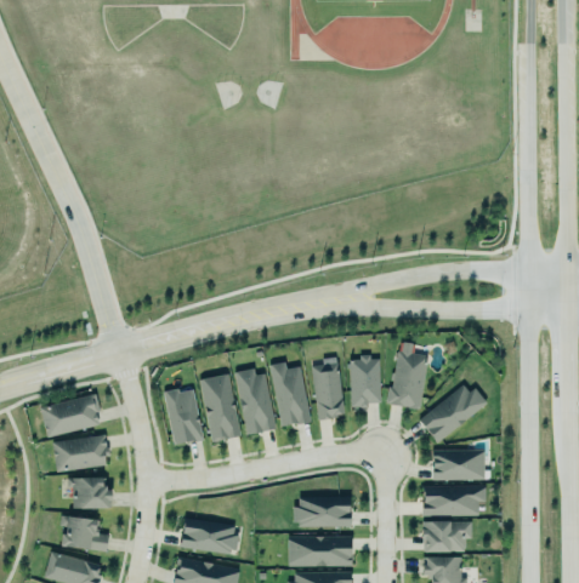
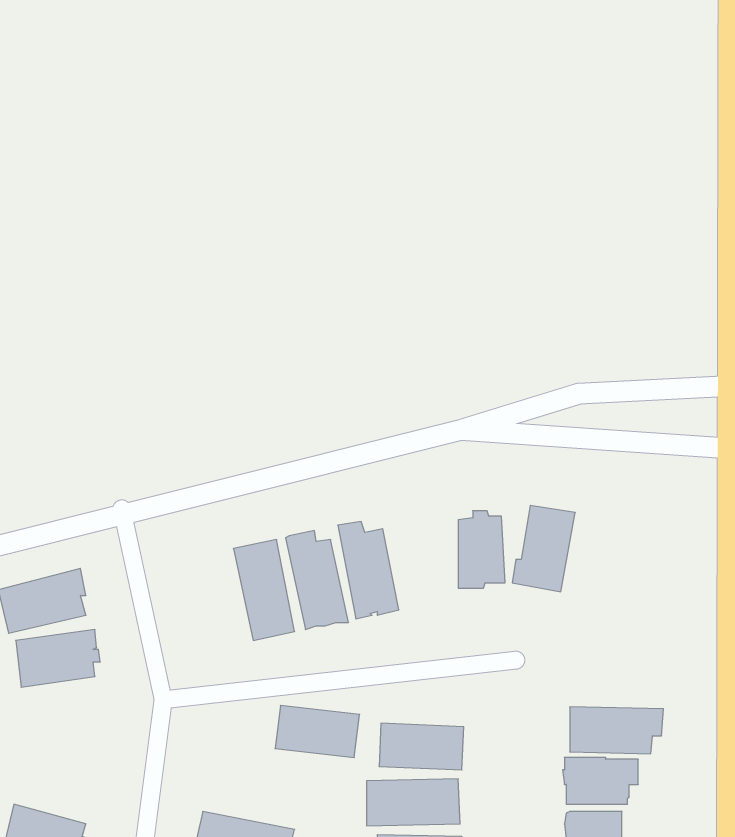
building: [314,359,347,421] -> none
building: [420,384,489,442] -> none
building: [164,389,204,445] -> none
building: [436,451,486,480] -> none
building: [67,476,112,508] -> none
building: [63,516,112,553] -> none
building: [183,520,240,555] -> [275,705,360,758]

